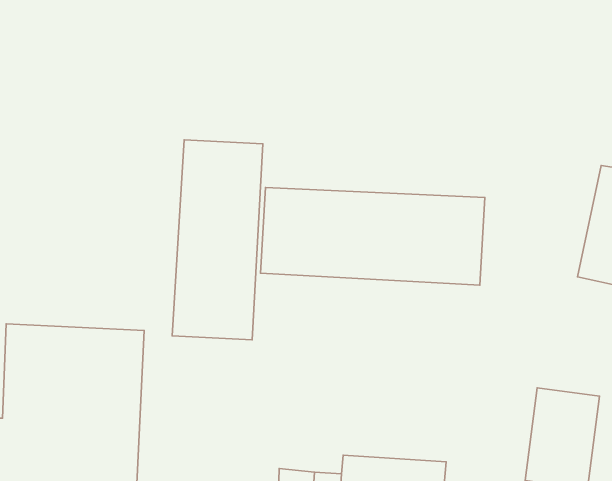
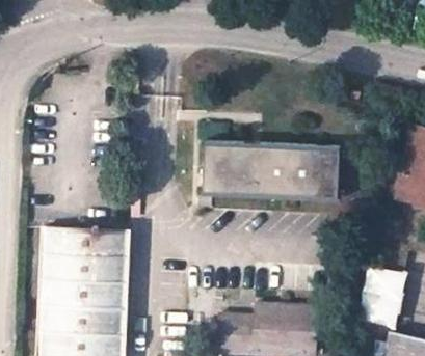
building: [172,140,263,340] -> none

